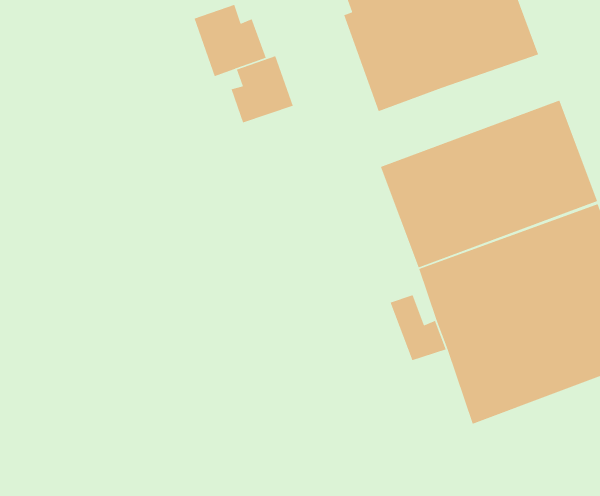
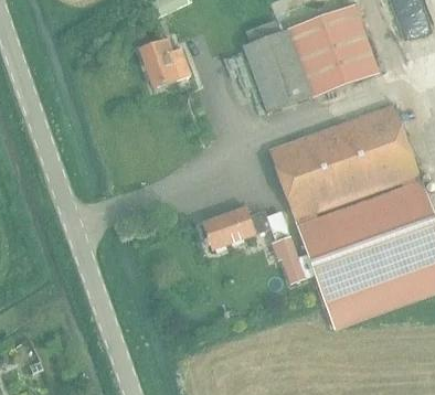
building: [231,55,294,124] -> none
building: none -> [202,207,272,250]

